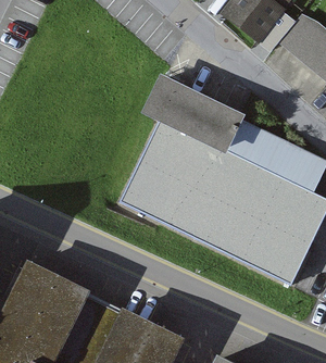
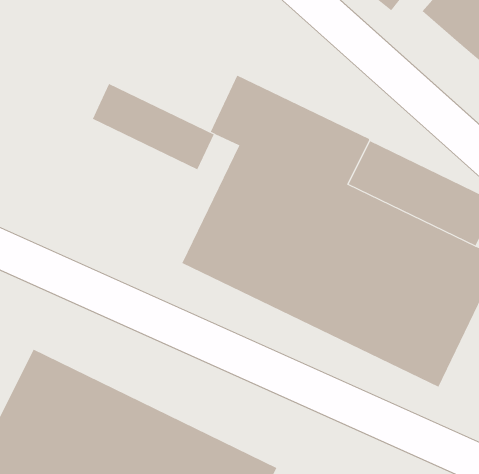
building: none -> [92,83,214,170]

